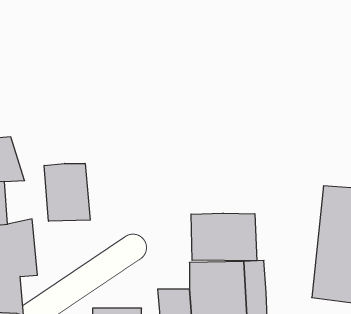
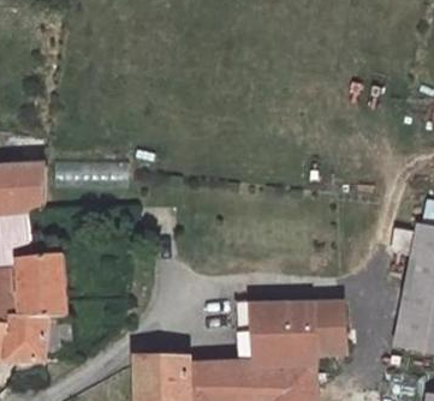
building: [44,163,90,221] -> none
building: [191,213,257,261] -> none

